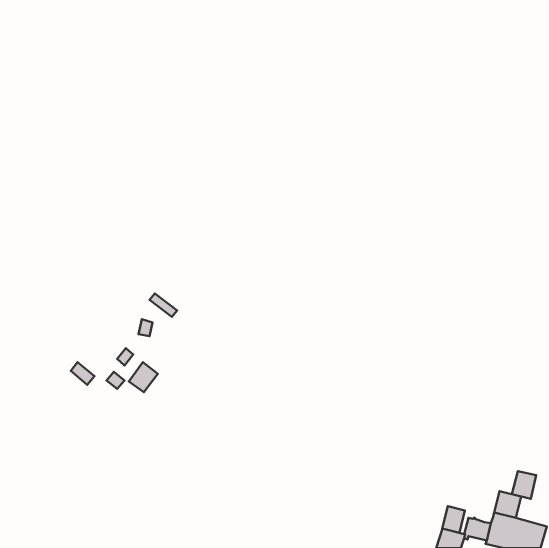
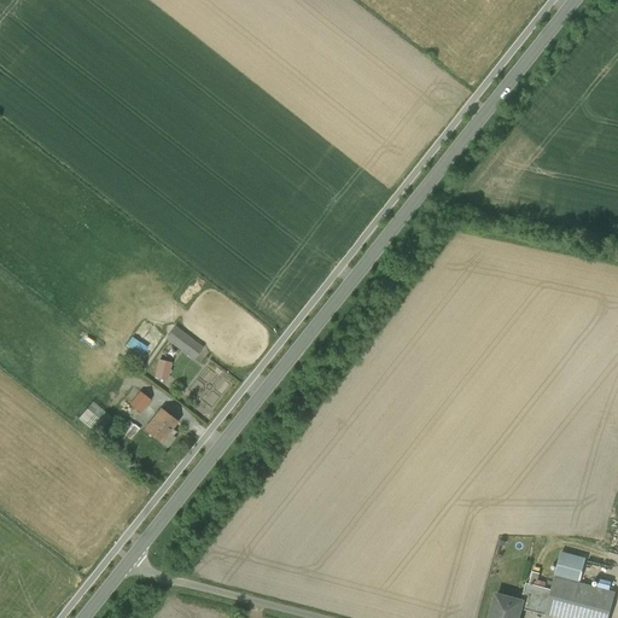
building: [512,471,536,499] -> none
building: [442,506,465,533] -> none

